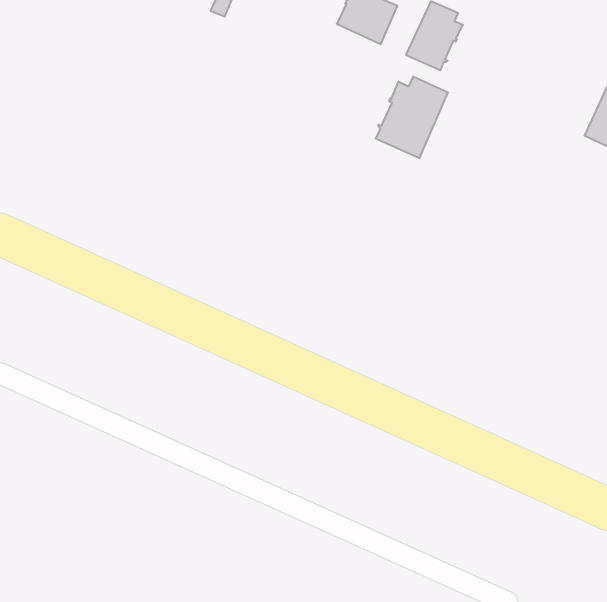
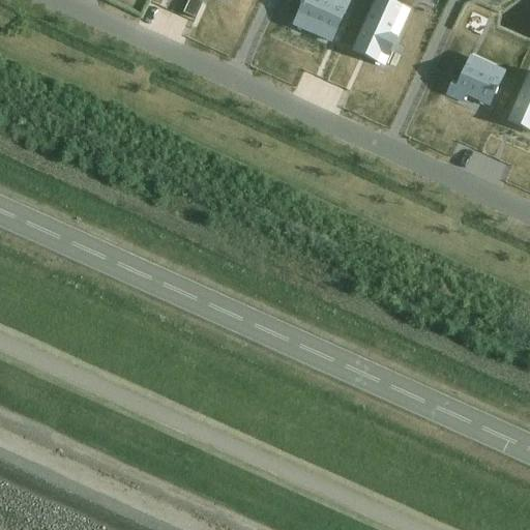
building: none -> [447,60,502,101]
building: [376,76,448,158] -> none

